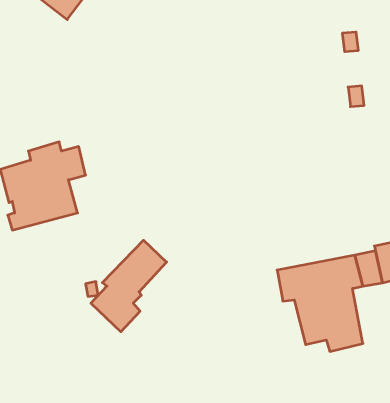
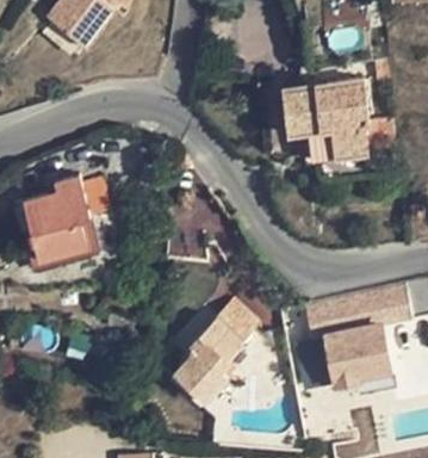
building: none -> [283,83,368,157]
building: [91,240,167,332] -> [176,305,255,401]

